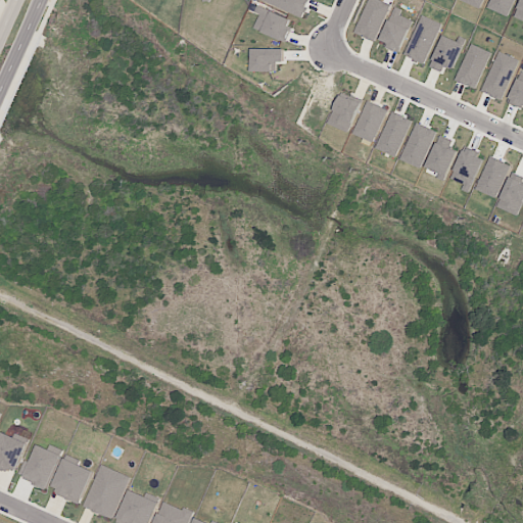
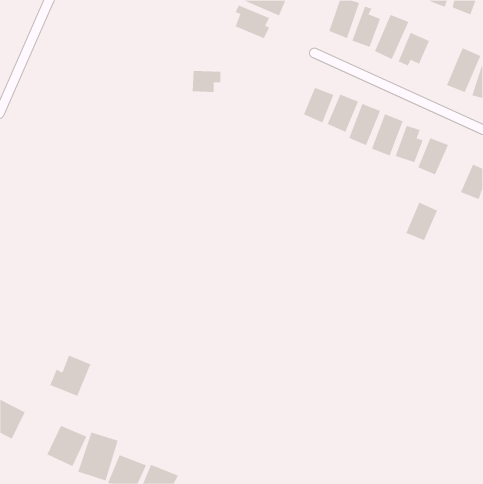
building: [455,44,490,89] -> none
building: [251,48,283,72] -> [192,71,221,92]
building: [475,156,510,198] -> [406,202,438,241]
building: [16,444,61,489] -> [49,355,91,396]

